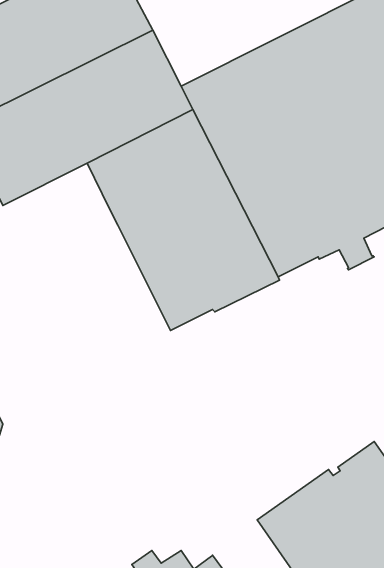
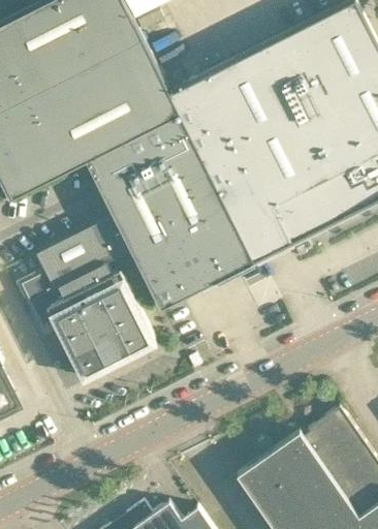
building: none -> [20,215,156,380]

